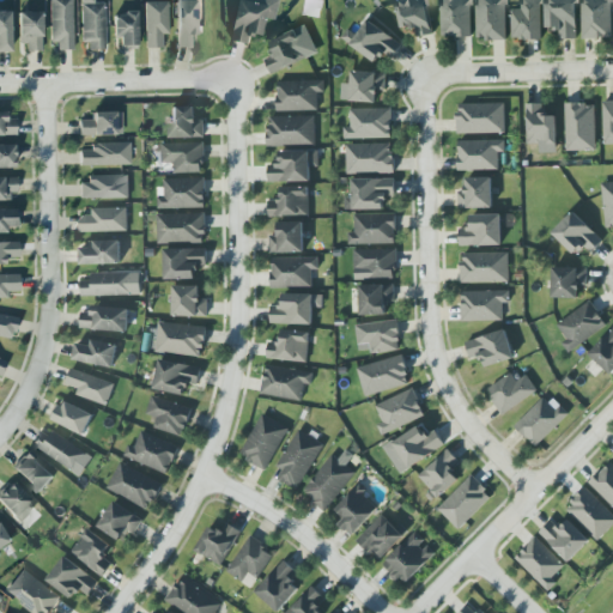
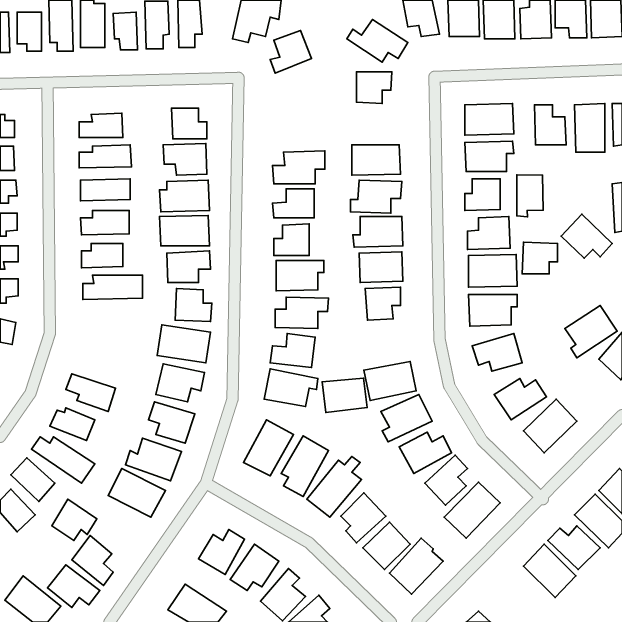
building: [277,79,324,110] -> none
building: [344,107,392,138] -> none
building: [268,115,315,145] -> none
building: none -> [517,175,543,217]
building: [552,266,587,297] -> [522,242,558,274]
building: [80,305,128,330] -> none
building: [356,320,400,353] -> [322,378,367,412]
building: [73,339,117,366] -> none
building: [98,499,142,540] -> [52,499,97,541]

